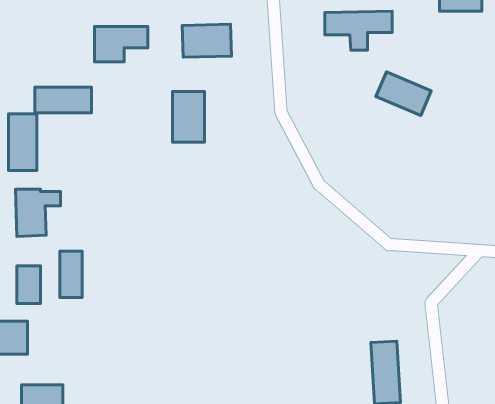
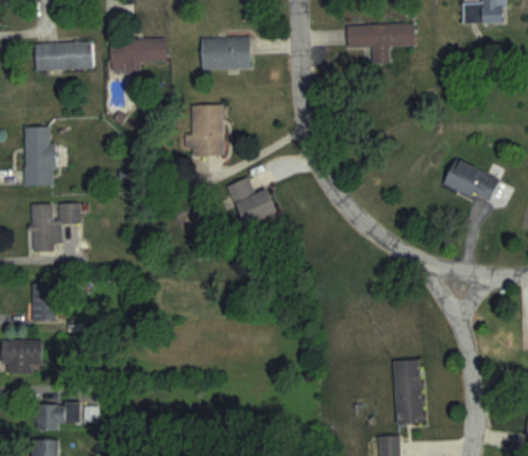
building: [376,72,431,116] -> [444,159,500,203]
building: [35,87,92,113] -> [35,42,93,69]
building: none -> [227,177,277,226]
building: [60,251,82,297] -> none

